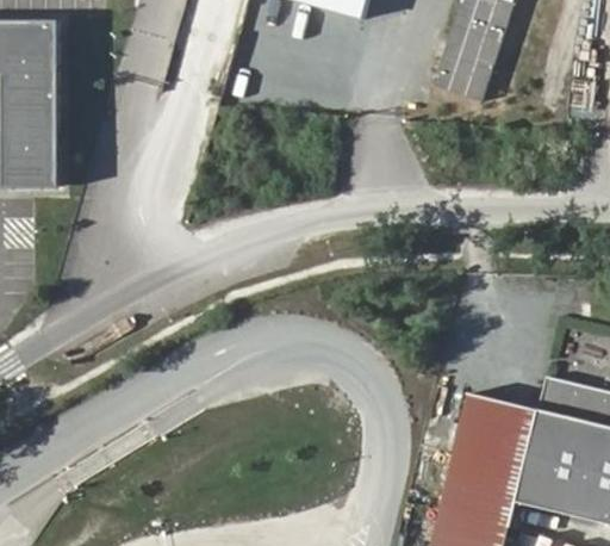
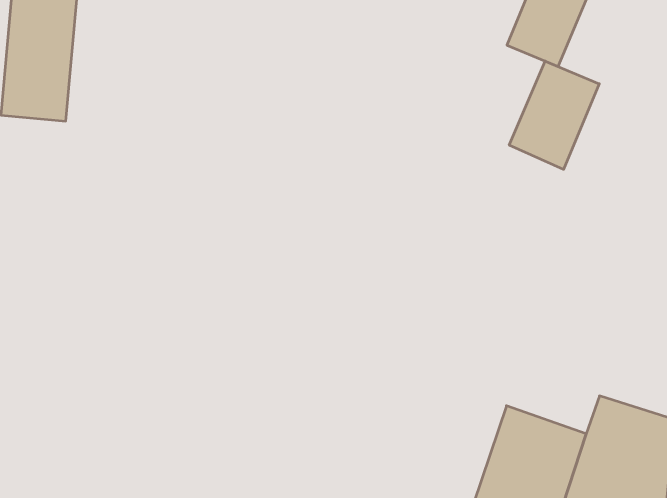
building: none -> [509,61,599,169]

